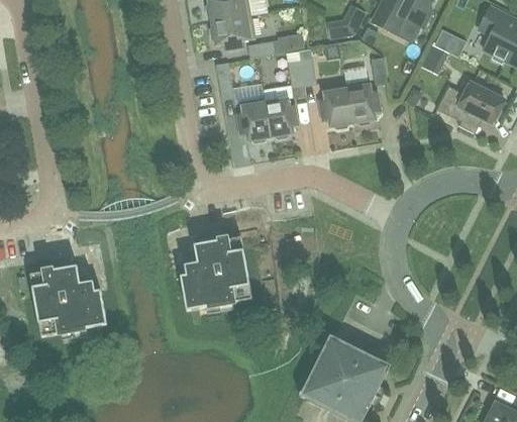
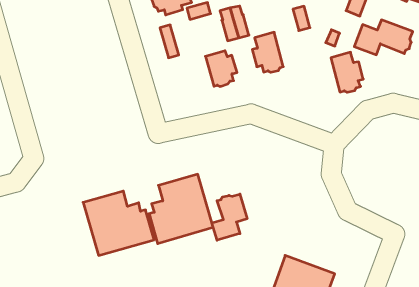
building: [345,78,380,123] -> [331,52,363,92]
building: [236,96,270,141] -> none
building: none -> [212,194,247,240]
building: [29,265,106,335] -> [83,191,154,255]

